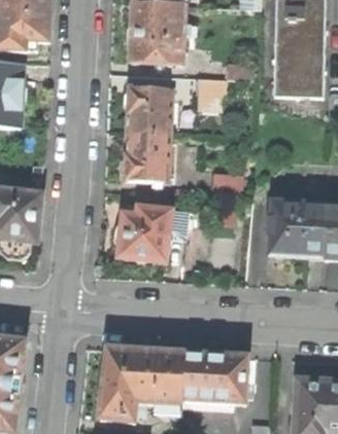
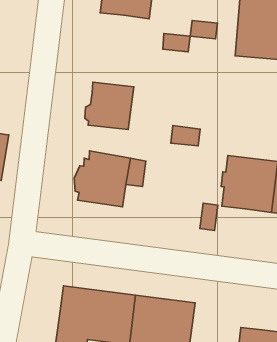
building: [123,85,171,134] -> none

